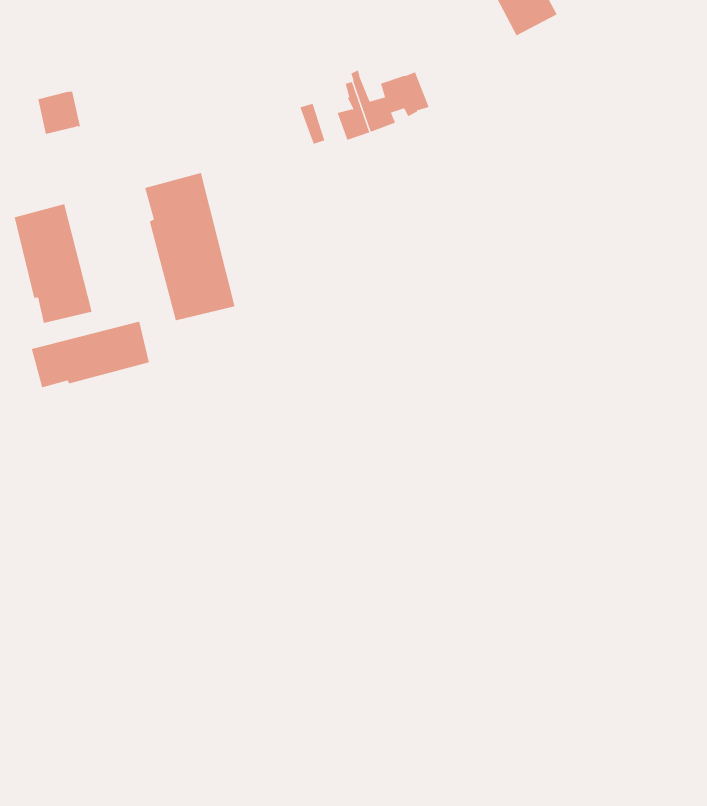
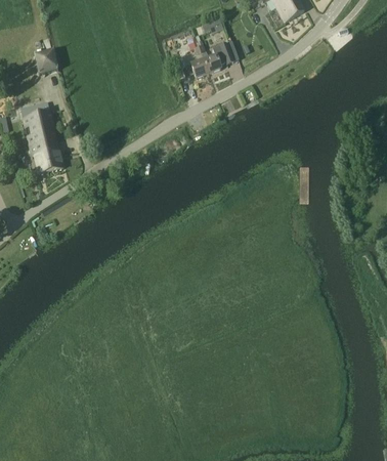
building: [145,172,235,321] -> none
building: [31,321,149,388] -> none

